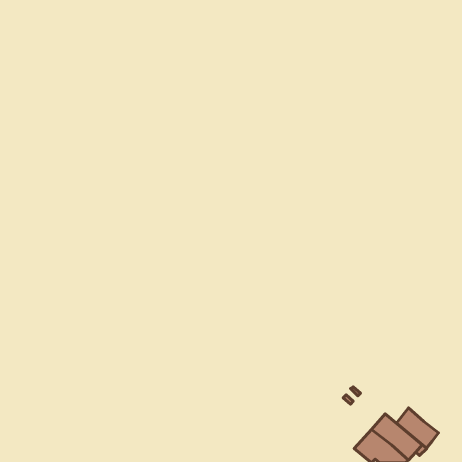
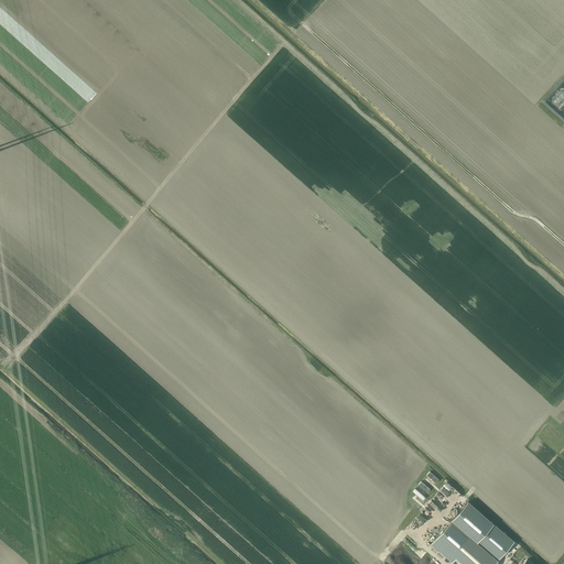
building: [396,408,439,448] -> none

